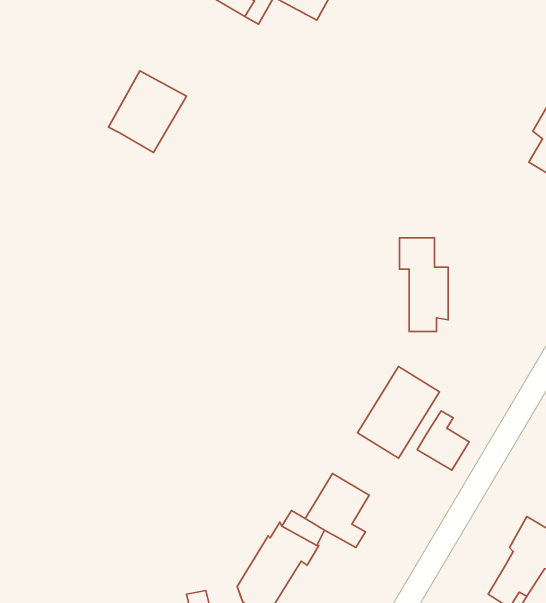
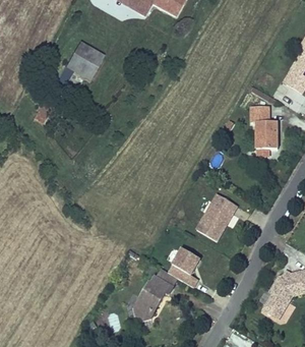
building: [400,238,448,331] -> [250,108,276,157]
building: [417,411,469,470] -> none

